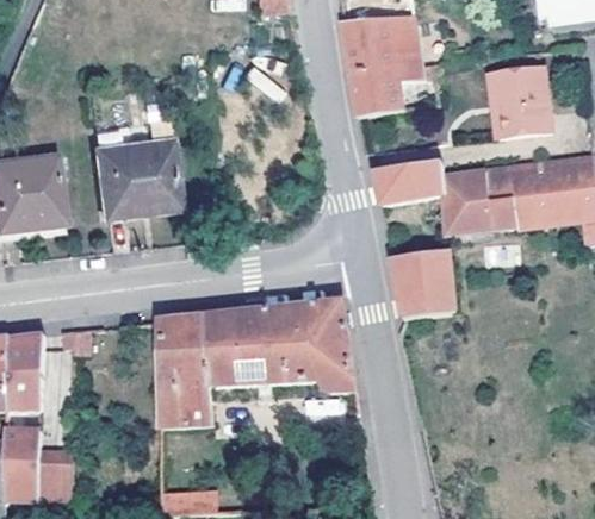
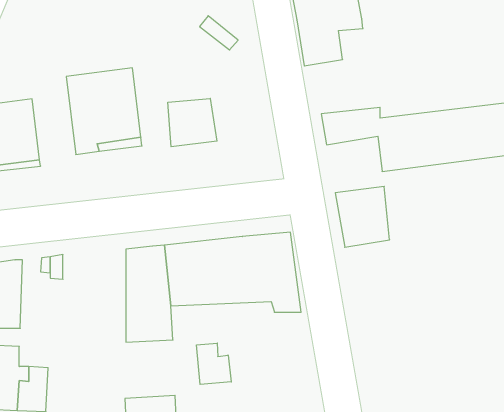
building: [483,69,548,140] -> none
building: none -> [168,98,217,147]
building: none -> [197,343,231,384]

